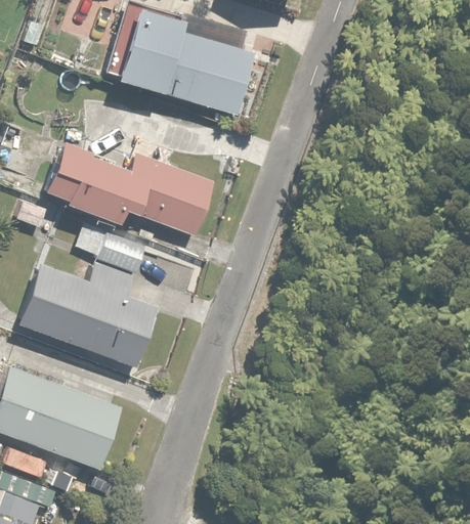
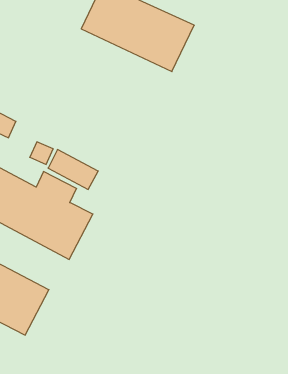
building: [44,143,216,237] -> none

